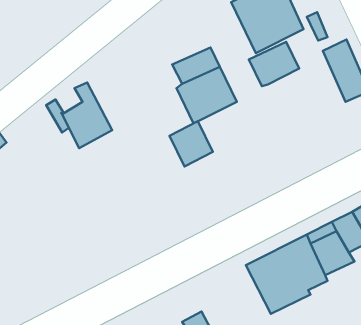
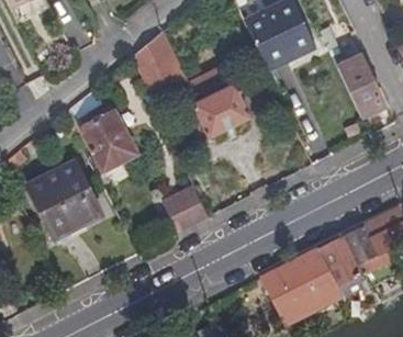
building: none -> [132,31,189,94]
building: [249,42,299,86] -> none
building: [170,121,213,167] -> [169,184,211,228]
building: none -> [32,162,105,236]

